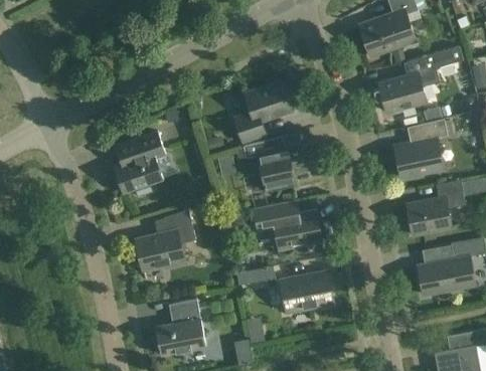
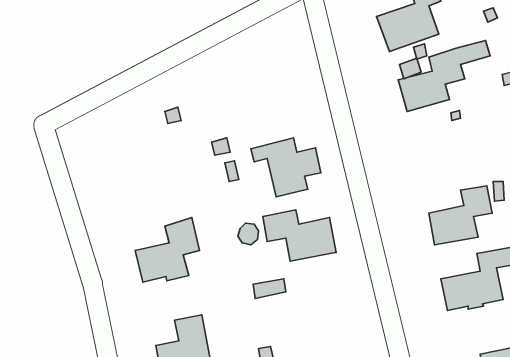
building: [233,80,292,142] -> none
building: [394,119,448,178] -> none
building: [113,132,165,196] -> none
building: [280,270,333,312] -> none

